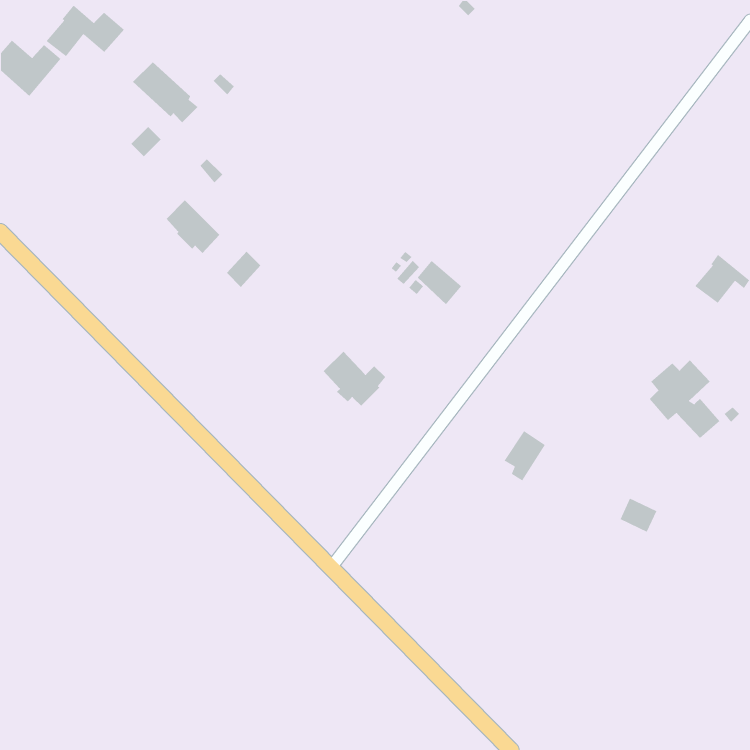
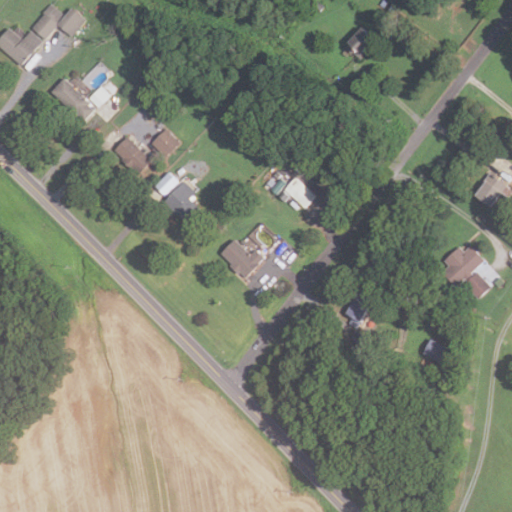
building: none -> [347,28,378,60]
building: [132,61,198,123] -> [50,78,95,120]
building: none -> [151,129,179,157]
building: none -> [163,181,202,225]

